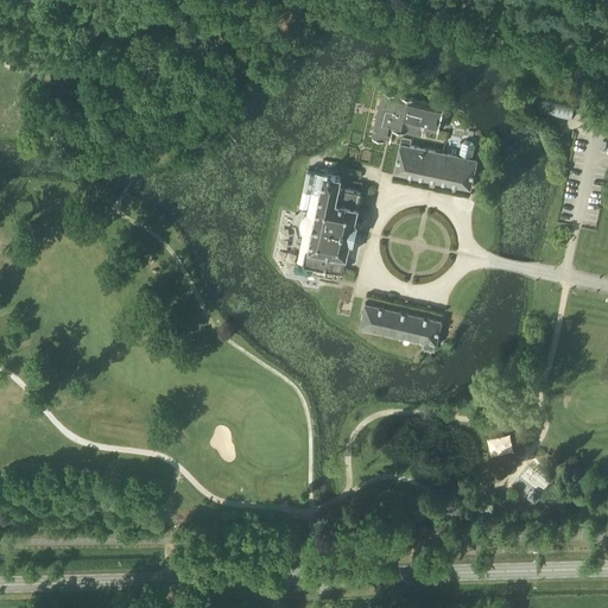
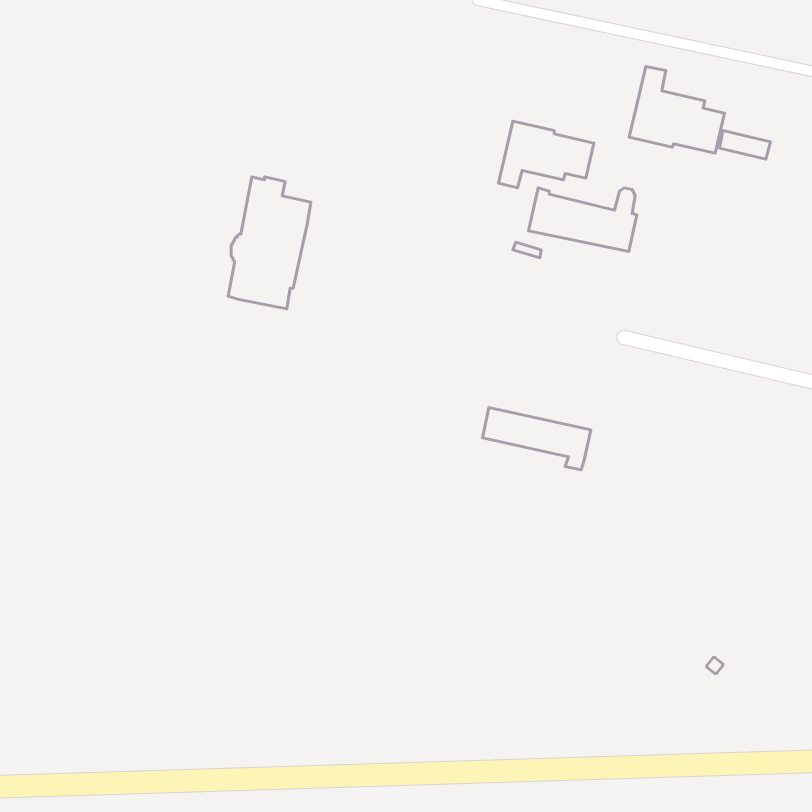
building: none -> [629,66,725,153]
building: [298,173,360,272] -> [228,177,311,309]

